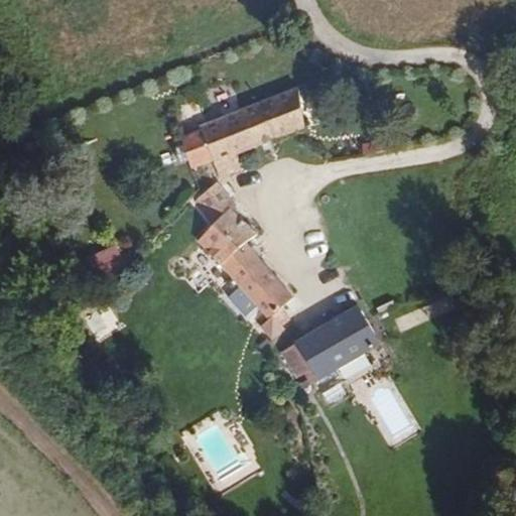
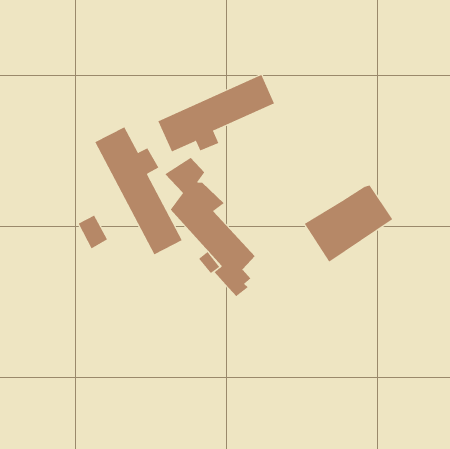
building: none -> [95,126,182,255]
building: [279,303,381,392] -> [304,185,393,263]

